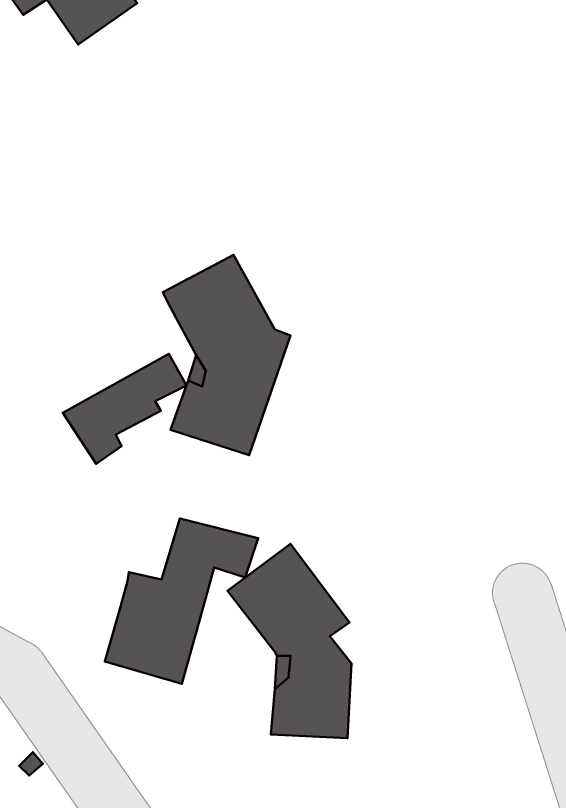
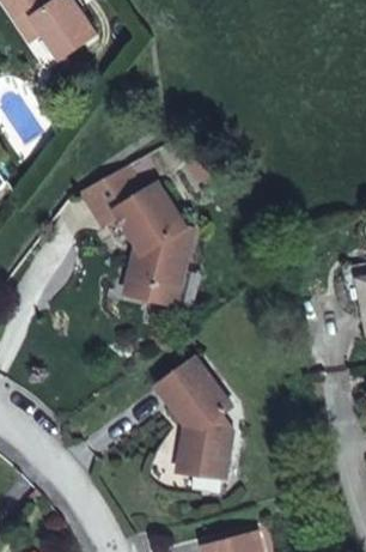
building: [63,354,187,464] -> [81,157,157,224]
building: [105,518,258,684] -> none

